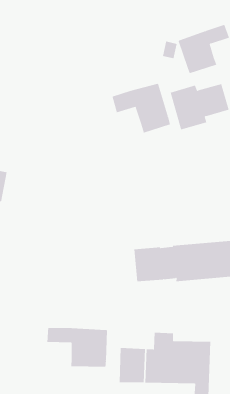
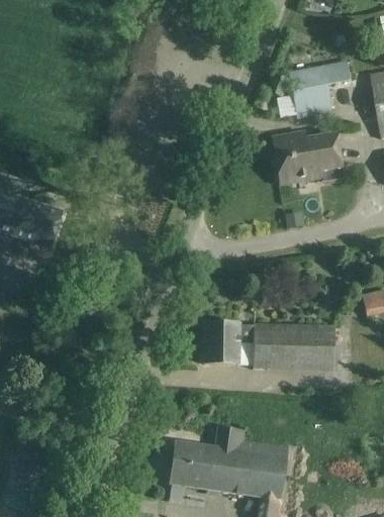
building: [112,83,171,133] -> none
building: [47,327,107,368] -> none

